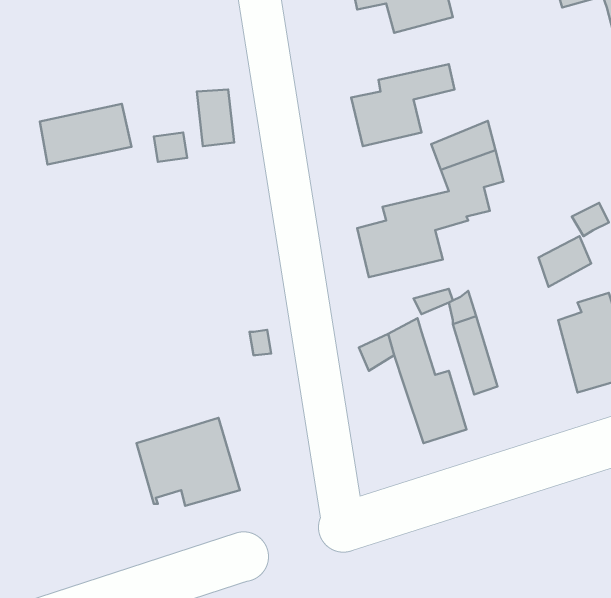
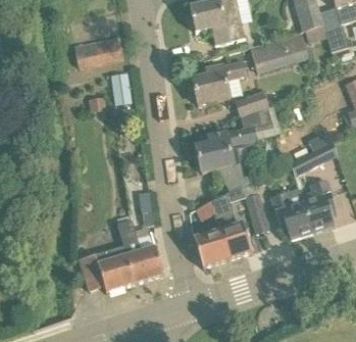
building: none -> [251,32,309,72]
building: [40,104,132,165] -> [74,37,122,68]
building: none -> [271,189,311,239]
building: none -> [117,219,165,283]
building: none -> [194,228,231,266]

